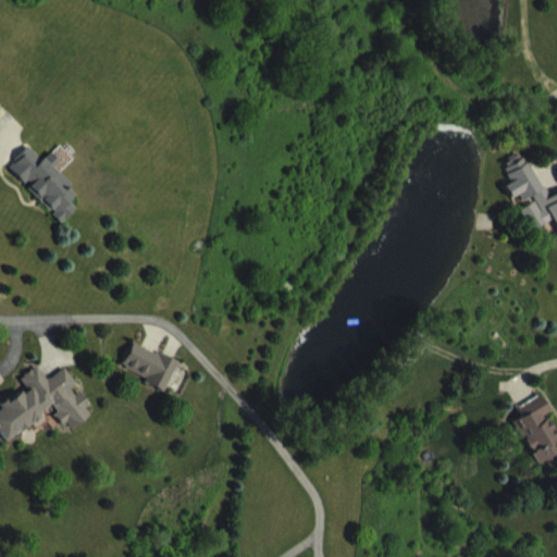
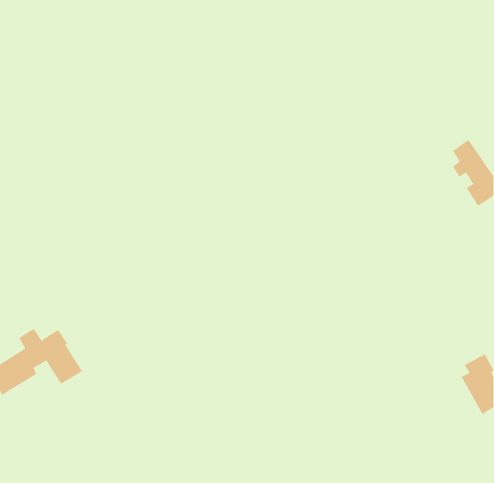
building: [10,147,78,223] -> none
building: [123,342,178,392] -> none

